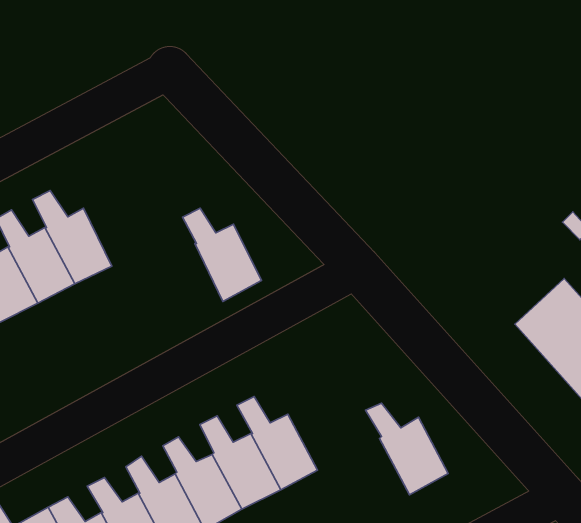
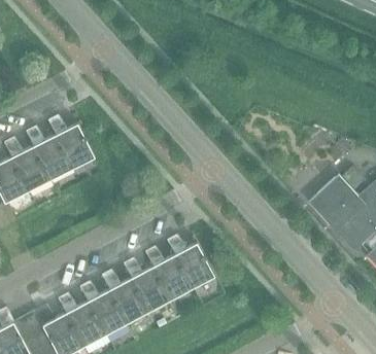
building: [182,208,262,302] -> [48,115,95,170]
building: [366,403,448,495] -> [167,236,215,289]

